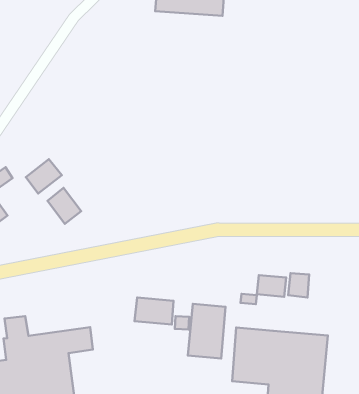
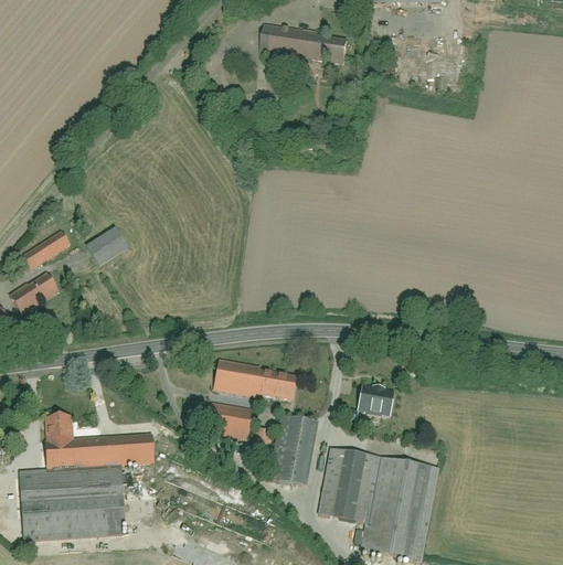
building: [47,188,81,224] -> none
building: none -> [214,359,294,401]
building: [288,273,309,297] -> none

